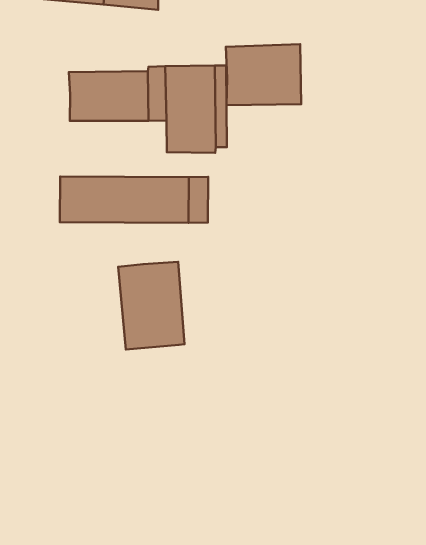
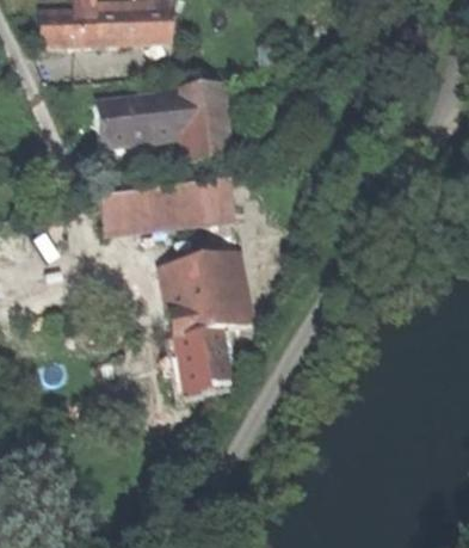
building: [226,44,301,105] -> none
building: none -> [210,250,253,326]
building: none -> [174,327,230,392]

